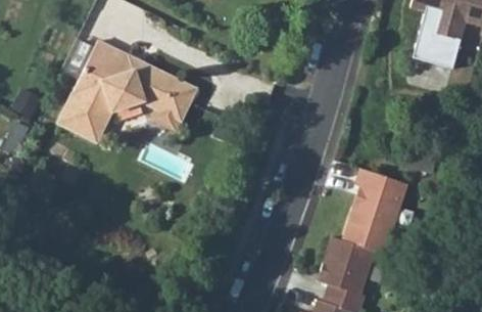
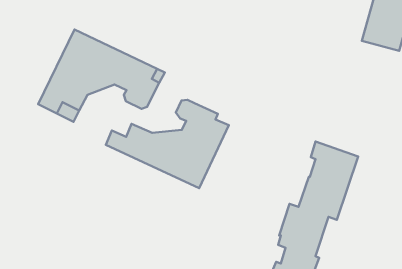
building: none -> [106,100,229,188]

